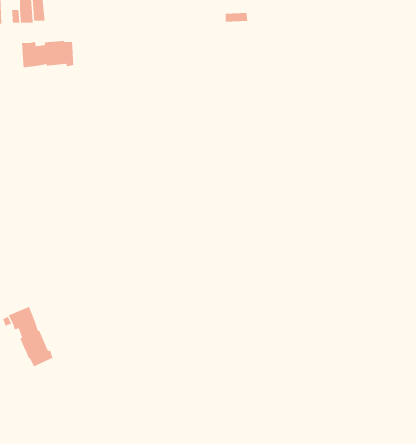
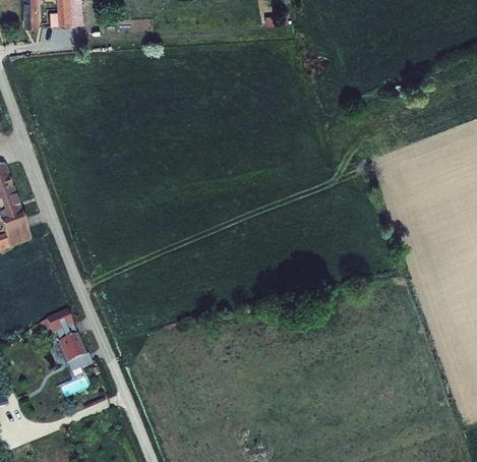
building: [21,40,74,68] -> none

